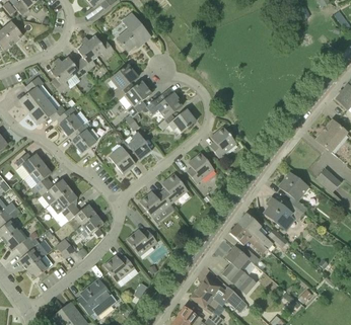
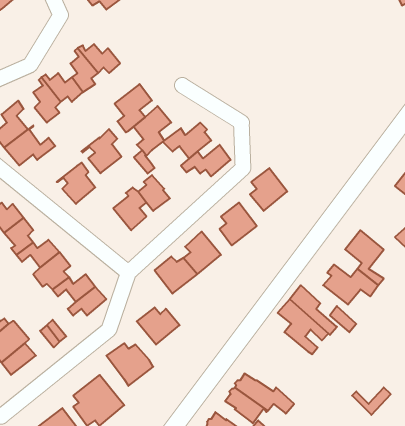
building: [116,13,150,52] -> none
building: [53,104,82,137] -> [81,129,121,173]
building: [222,247,256,293] -> none

